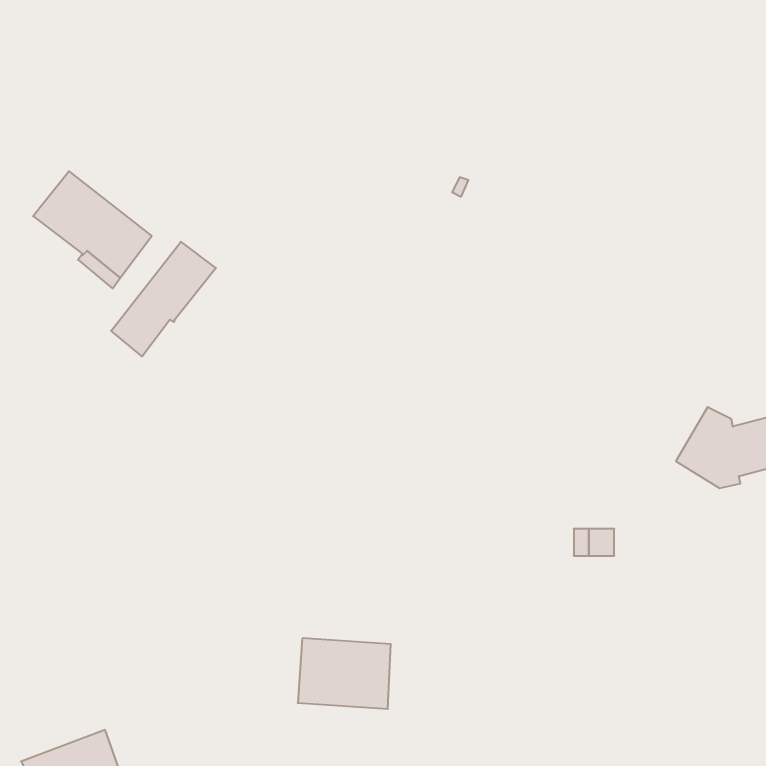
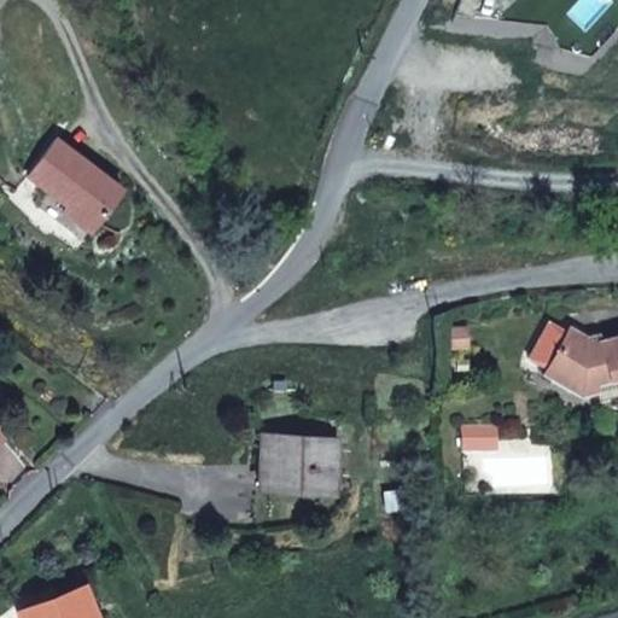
building: [111,242,216,356] -> none
building: [298,638,391,709] -> [261,436,336,492]

